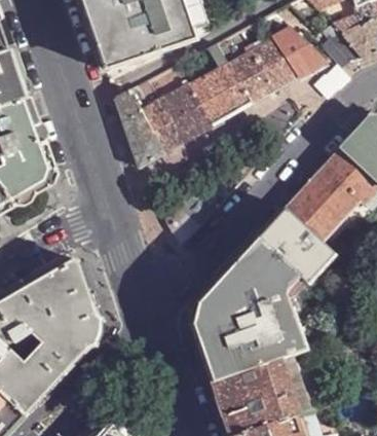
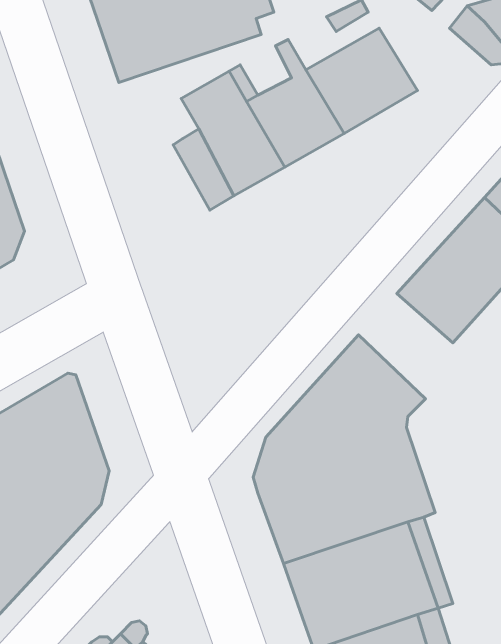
building: [274,29,326,77] -> none
building: [115,87,165,169] -> none
building: [261,208,336,282] -> none

